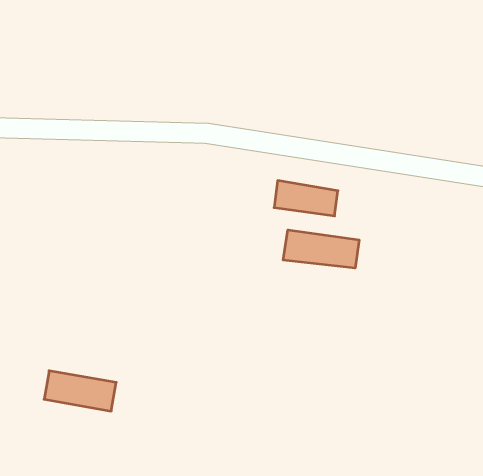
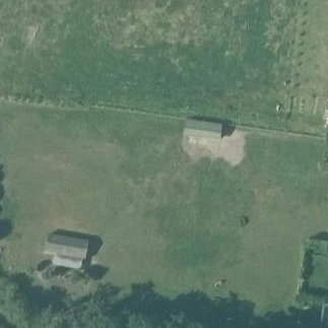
building: [283,230,359,268] -> none

